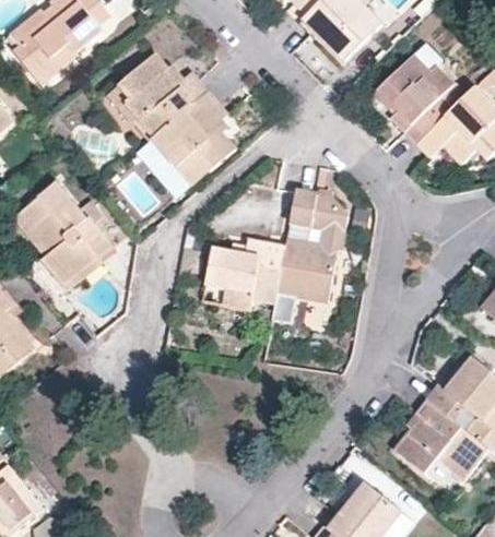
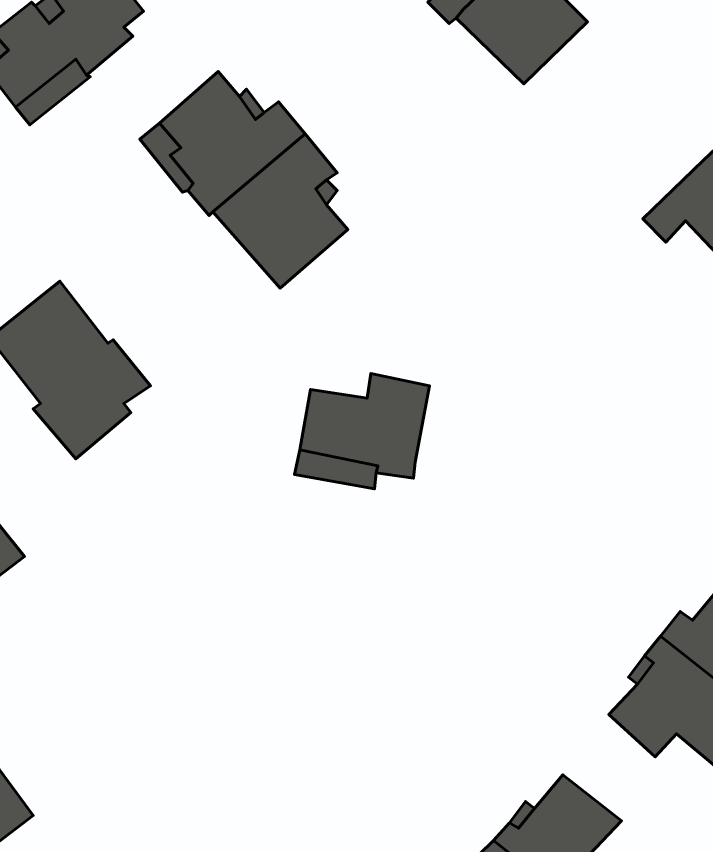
building: [378,53,453,142] -> none
building: [272,189,349,322] -> none

